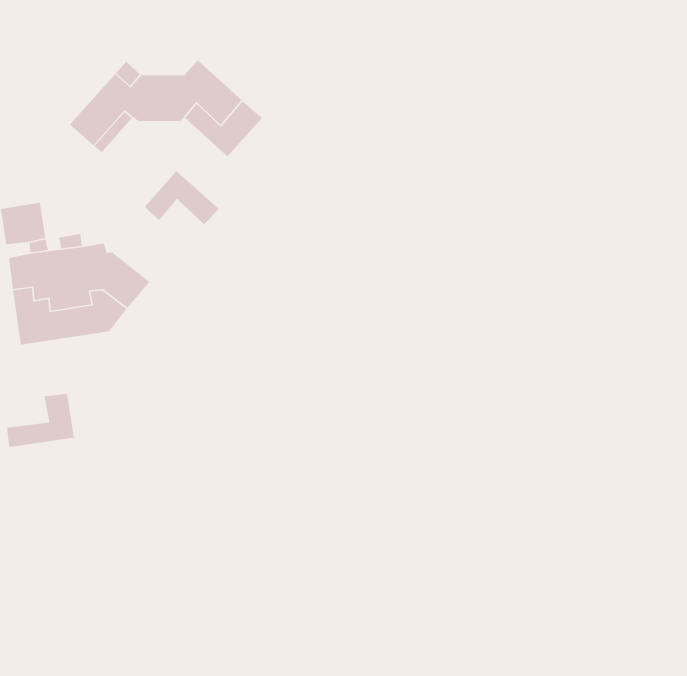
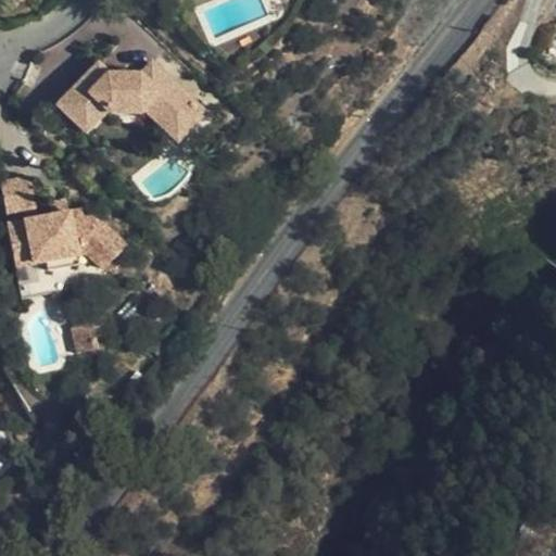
building: [144,170,219,225] -> none
building: [6,393,75,448] -> none

